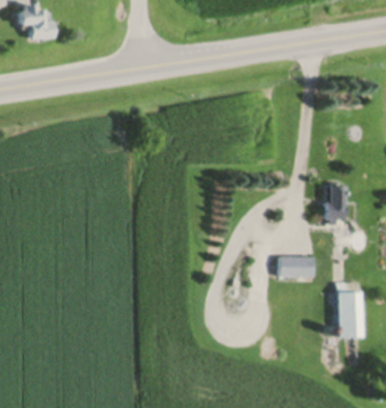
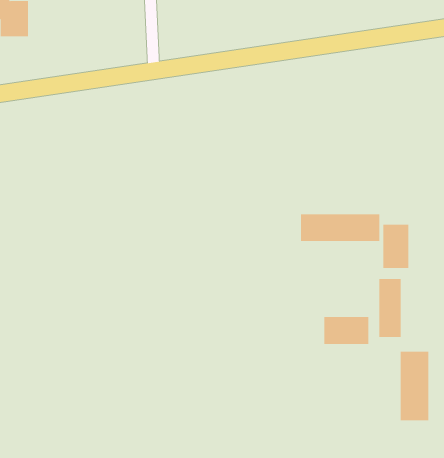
building: none -> [300,214,380,242]
building: none -> [379,278,401,338]

